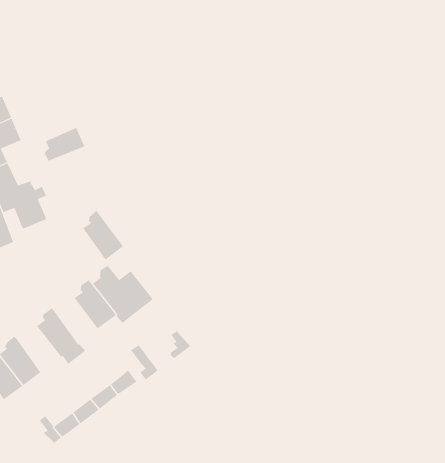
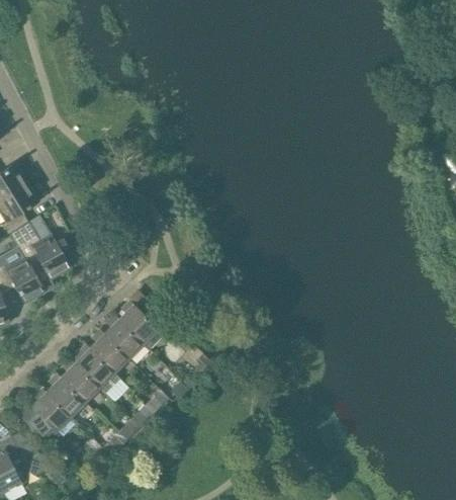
building: [44,127,85,162] -> none
building: [82,210,124,261] -> [89,331,127,374]
building: none -> [60,361,99,404]

